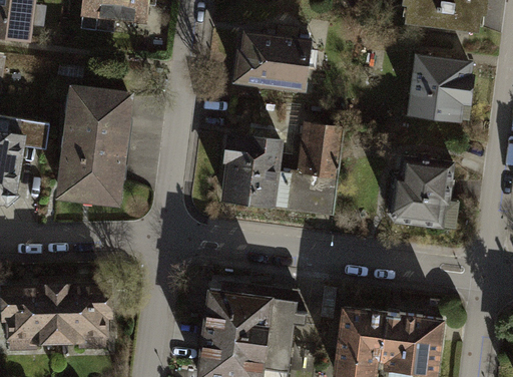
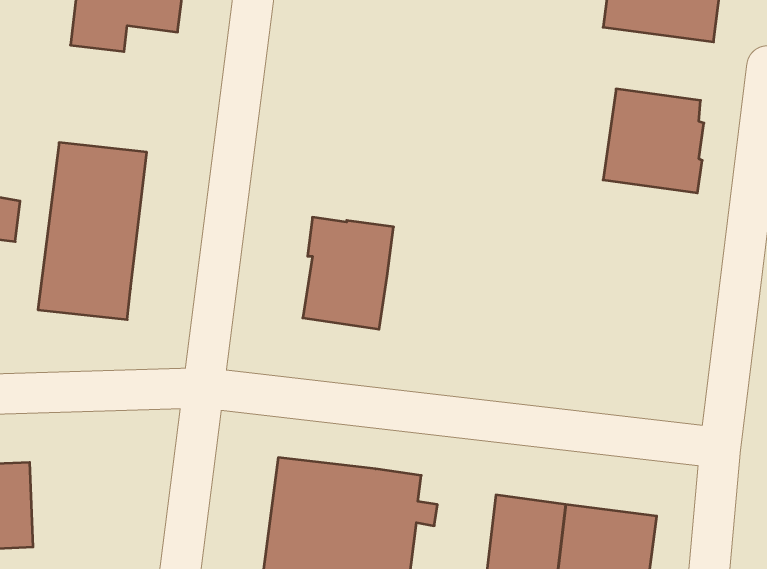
building: [235,33,308,87] -> none
building: [271,124,344,214] -> none
building: [389,157,457,227] -> none
building: [55,286,109,346] -> none

